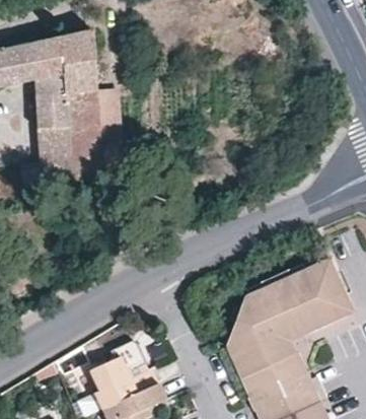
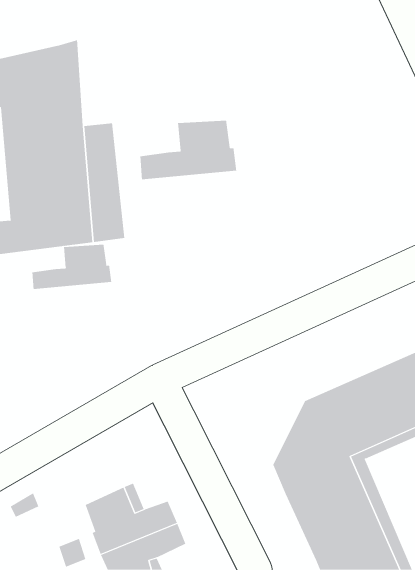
building: none -> [140,120,237,180]
building: none -> [32,244,112,290]

